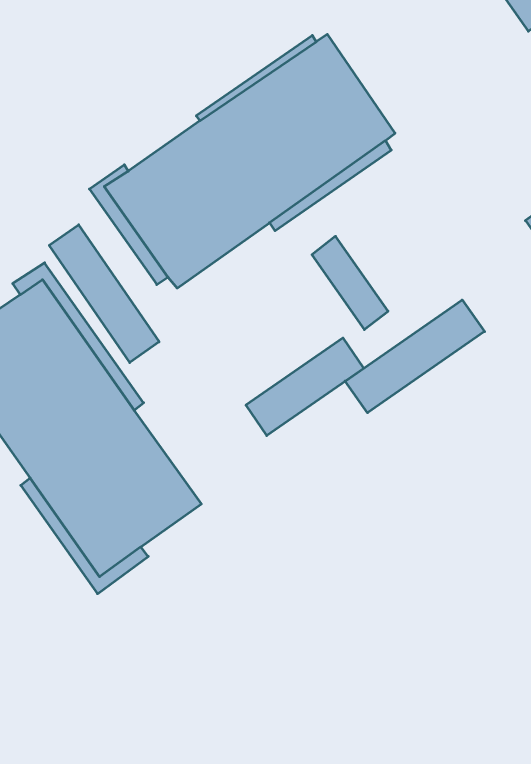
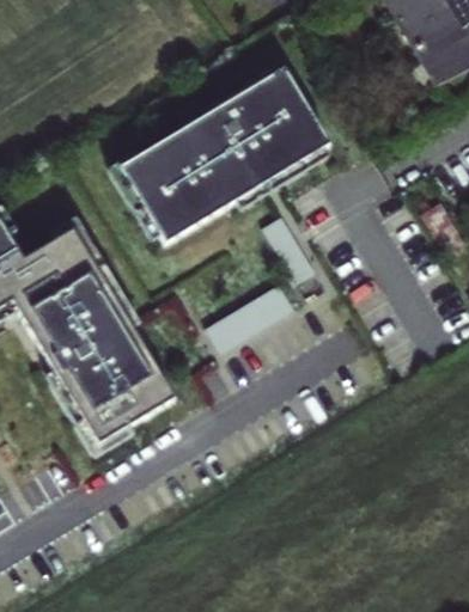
building: [49,225,159,363] -> none
building: [345,300,485,413] -> none

